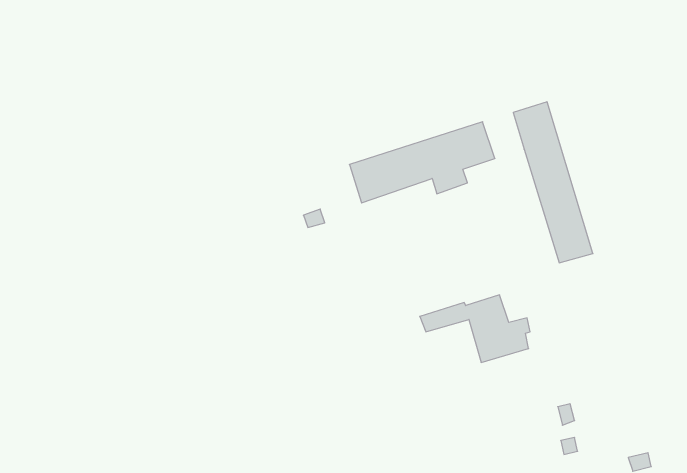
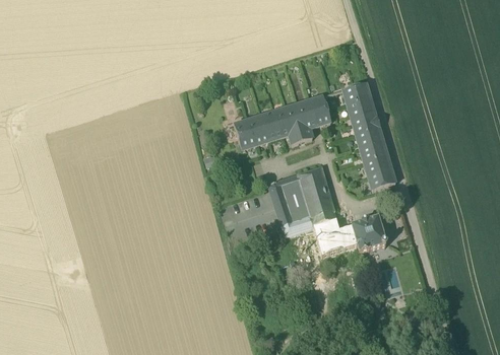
building: none -> [270,166,334,224]
building: none -> [352,217,388,252]

